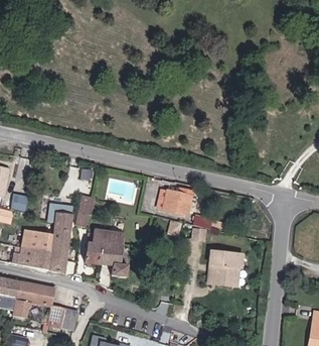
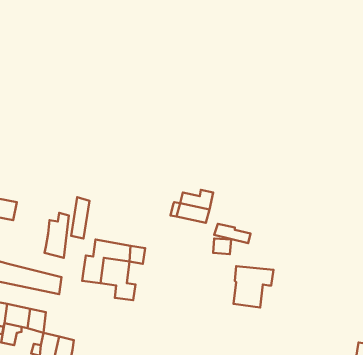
building: [22,222,68,259] -> none

